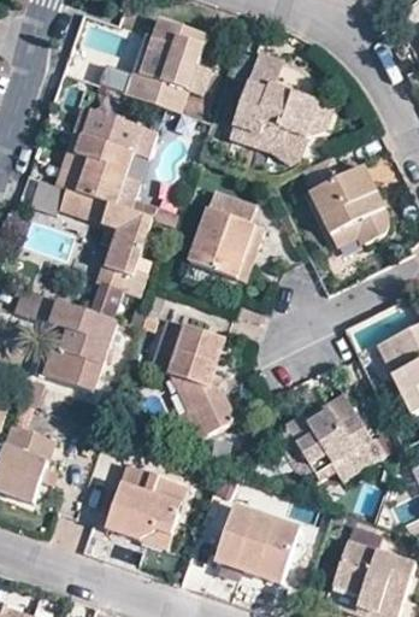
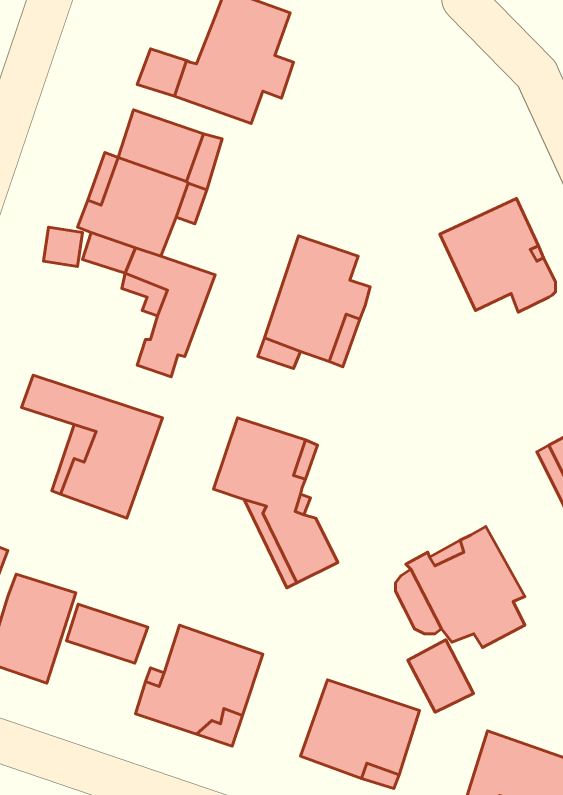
building: [228,51,331,148] -> none
building: none -> [67,604,148,663]
building: none -> [408,640,473,712]

